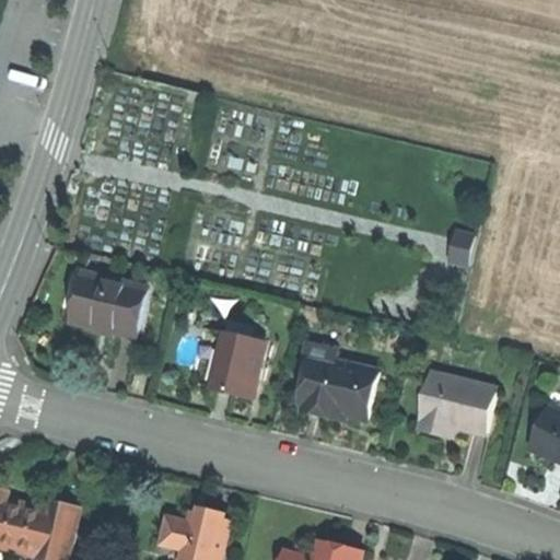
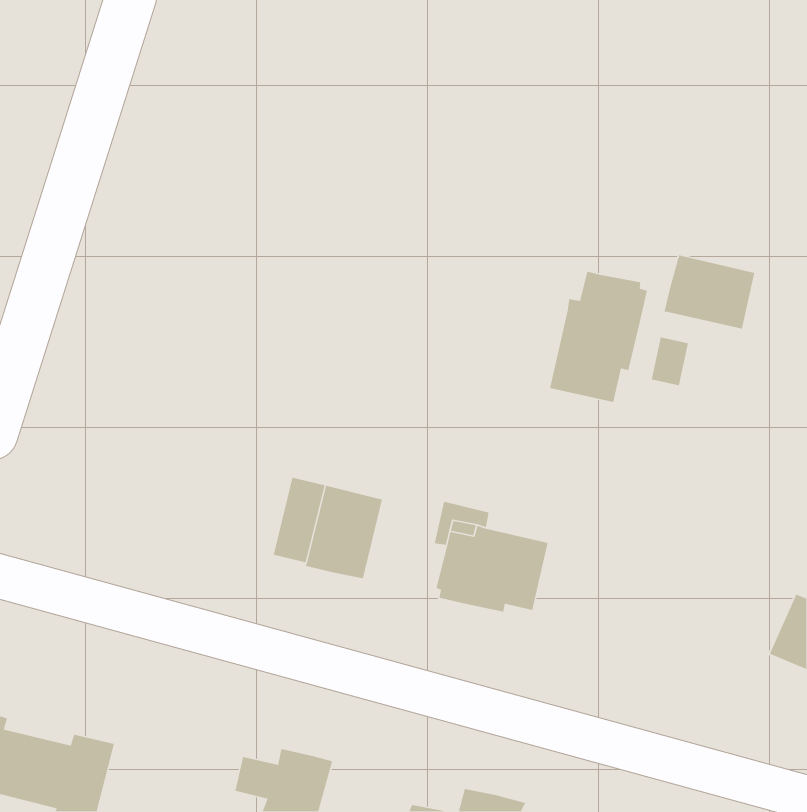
building: none -> [664,255,755,330]
building: none -> [549,271,648,403]
building: [70,273,145,336] -> none
building: [417,372,495,438] -> none

